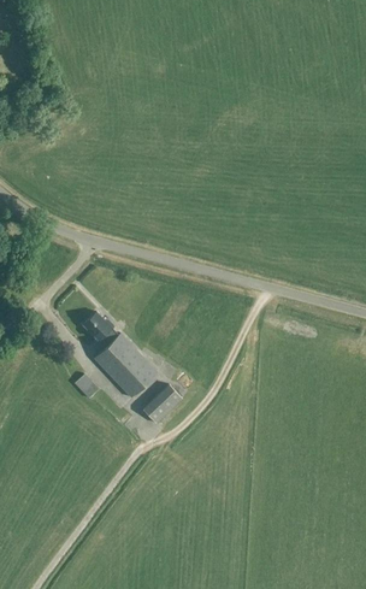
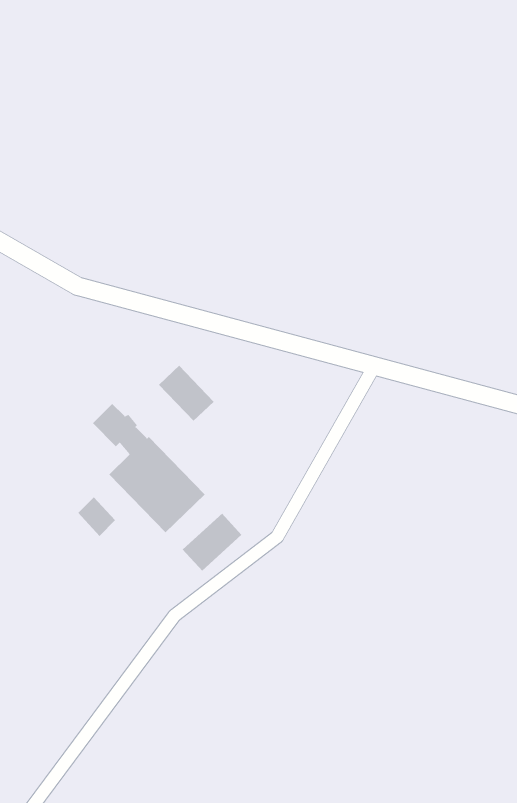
building: none -> [158,365,215,422]

